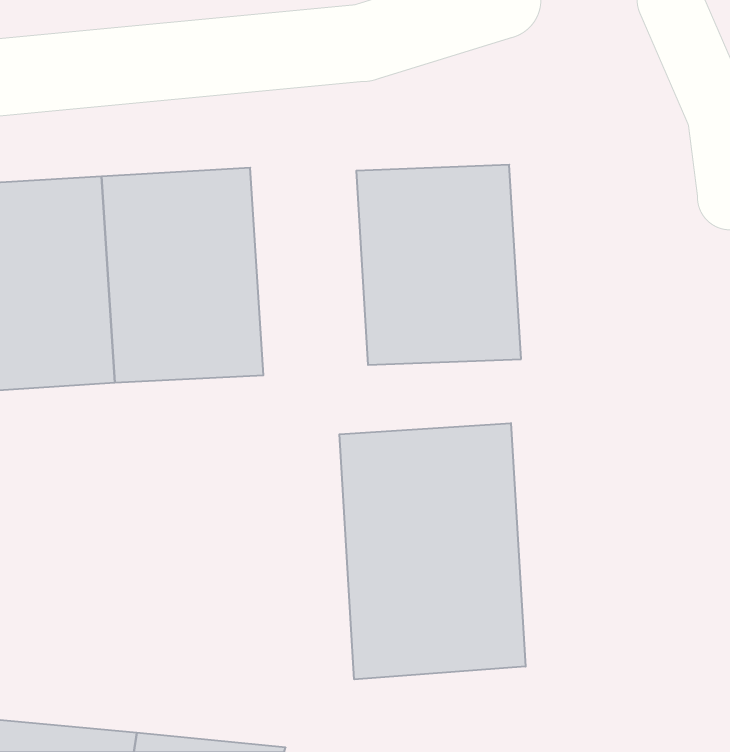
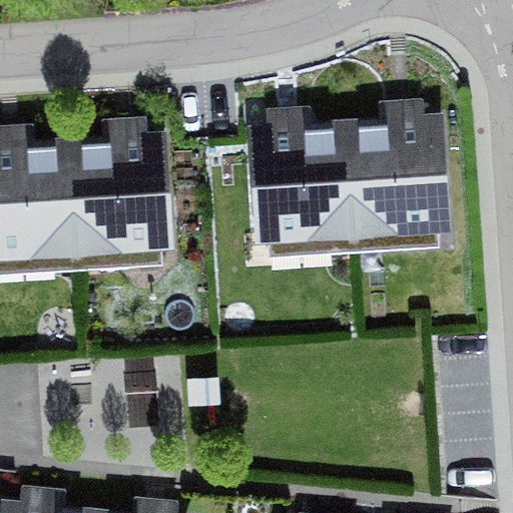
building: none -> [347,107,449,244]
building: [339,423,526,679] -> none

